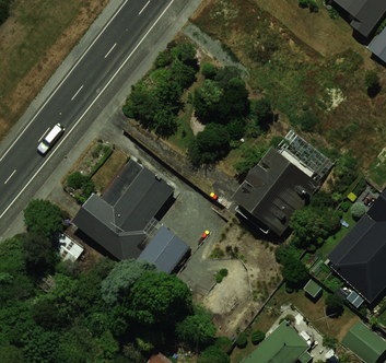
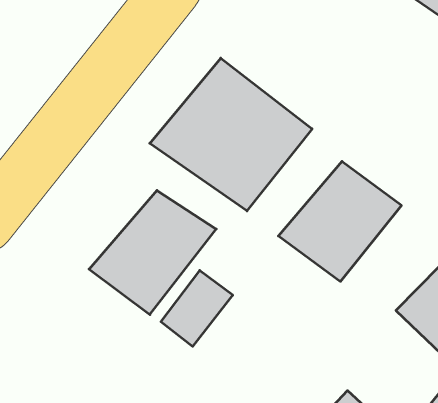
building: none -> [150,58,312,211]

